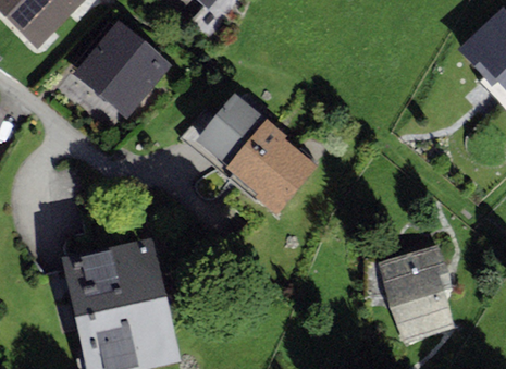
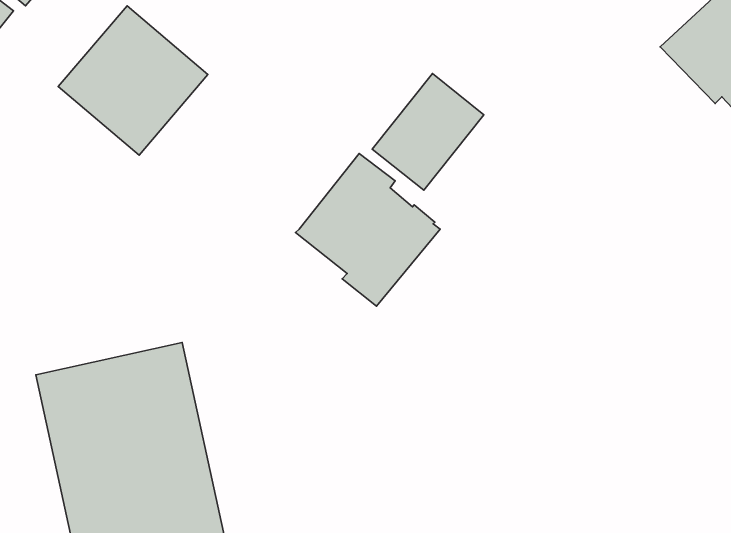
building: [195,91,266,165] -> [372,74,484,190]
building: [379,245,456,346] -> none

